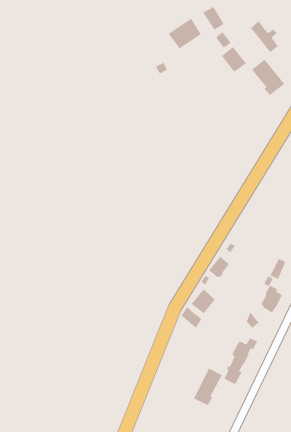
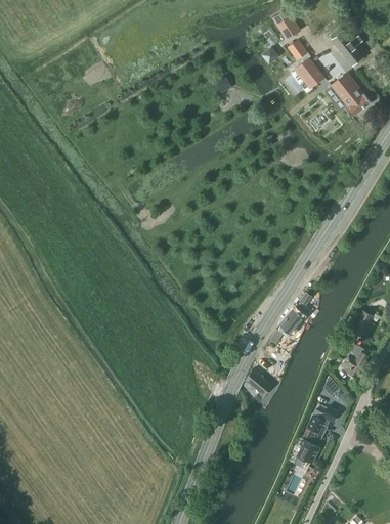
building: [168,18,201,49] -> none
building: [191,289,216,314] -> none
building: [193,368,222,406] -> none

